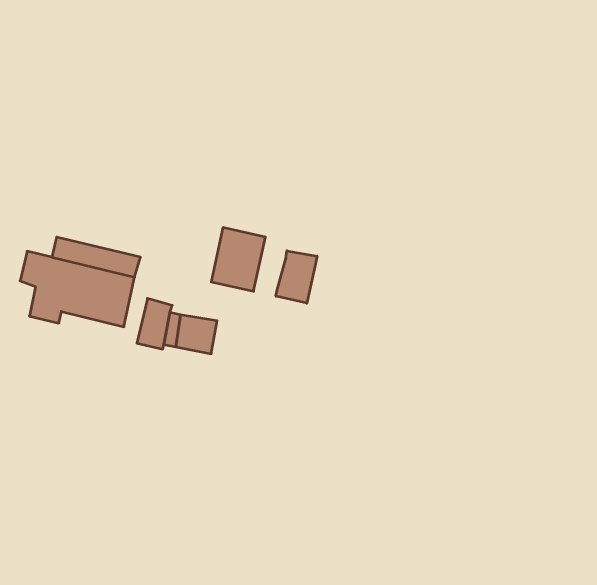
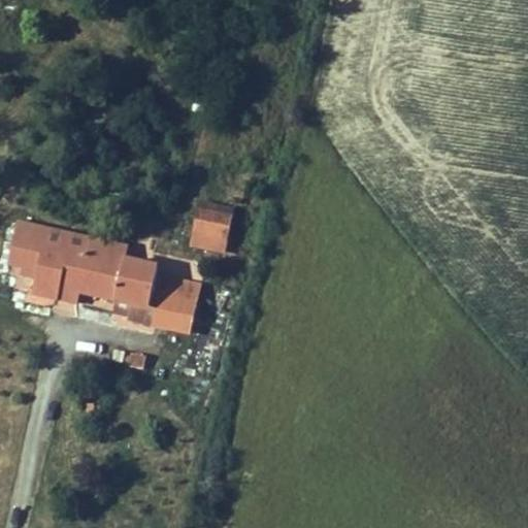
building: [276,251,317,303] -> none
building: none -> [108,258,154,304]

